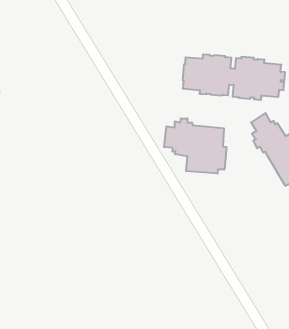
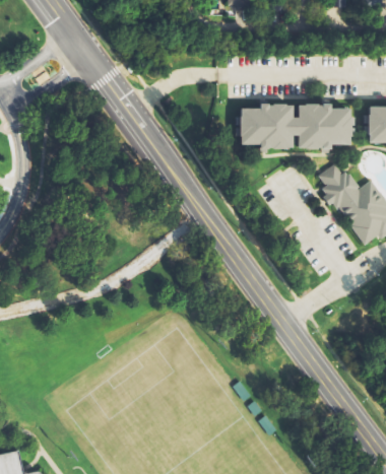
building: [164,118,226,174] -> none

